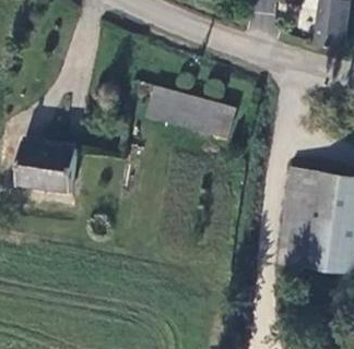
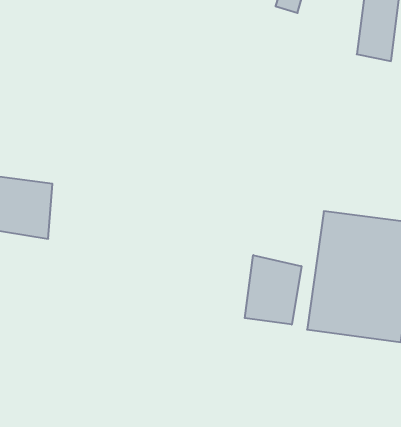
building: [151,84,234,134] -> none
building: none -> [245,255,301,325]

